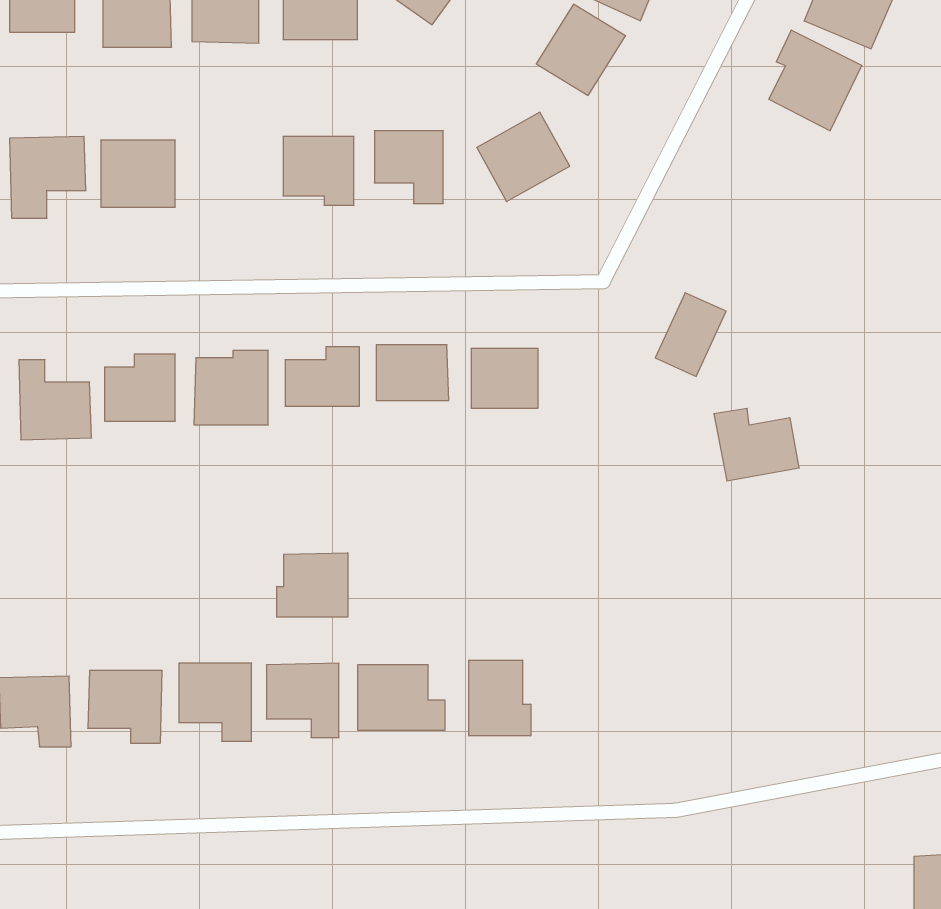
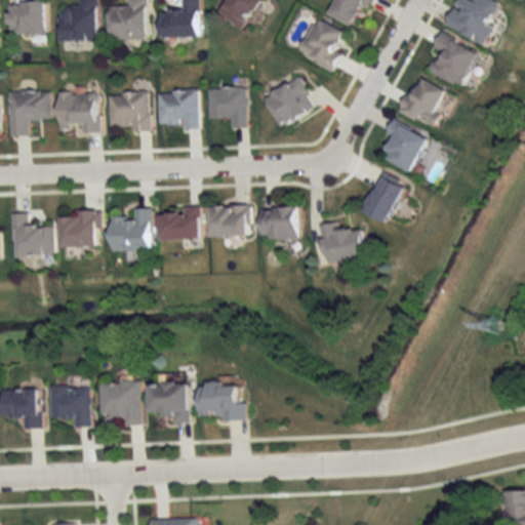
building: none -> [396,79,444,128]
building: none -> [108,91,148,131]
building: none -> [380,120,427,172]
building: [714,408,799,481] -> [318,223,365,262]
building: [277,553,348,617] -> none
building: [469,660,531,736] -> none

